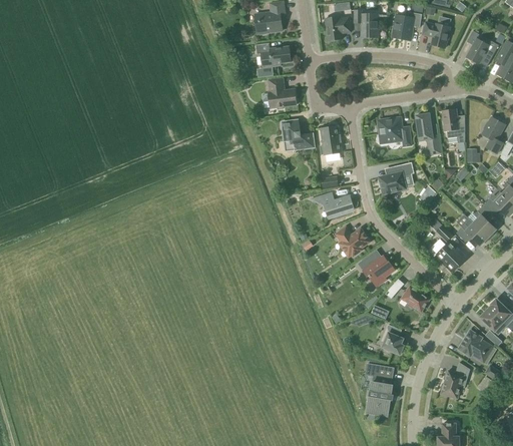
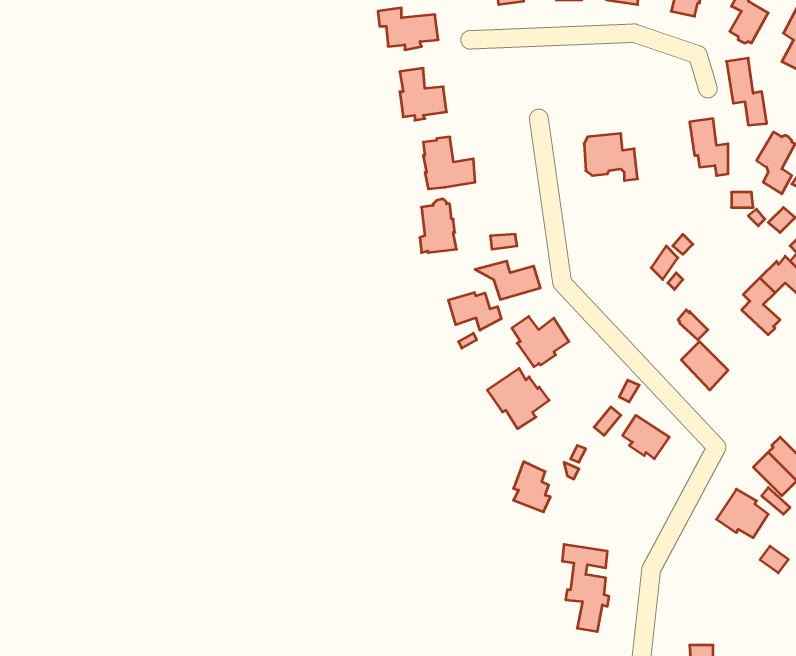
building: [416,113,440,153] -> [726,58,767,125]
building: [320,122,342,154] -> [420,199,457,253]
building: [379,162,414,193] -> none
building: none -> [448,292,501,330]
building: [456,218,489,245] -> none
building: [358,250,395,286] -> [487,368,549,429]
building: [382,324,404,354] -> [513,462,550,512]
building: [441,362,469,398] -> none

